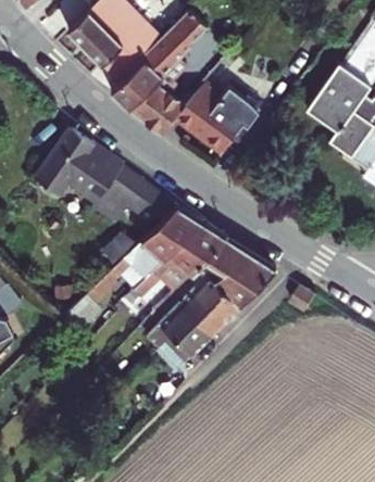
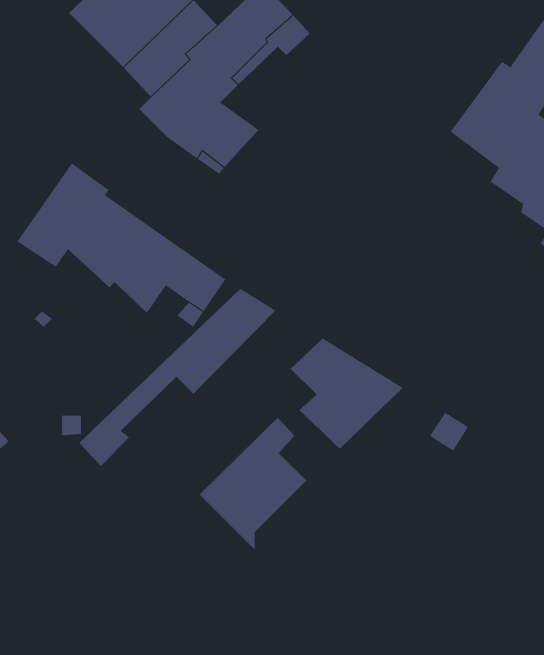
building: [175,84,262,151] -> none
building: [110,219,226,316] -> none
building: [198,278,237,327] -> none

